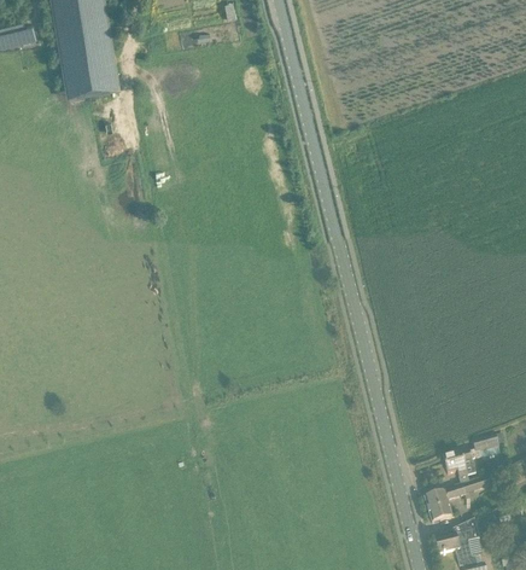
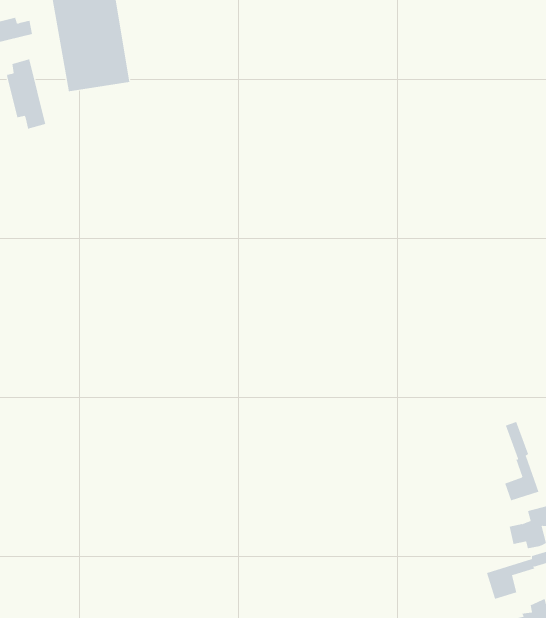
building: none -> [6,58,46,130]
building: none -> [505,421,539,501]

